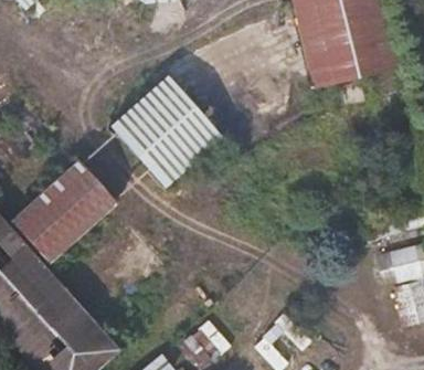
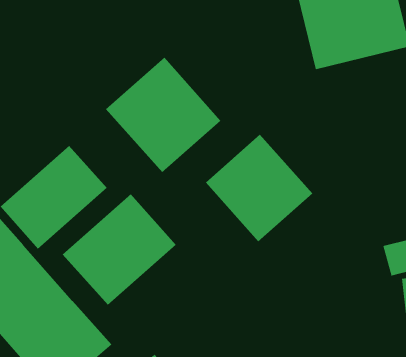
building: none -> [205,134,313,242]
building: none -> [62,194,177,306]

